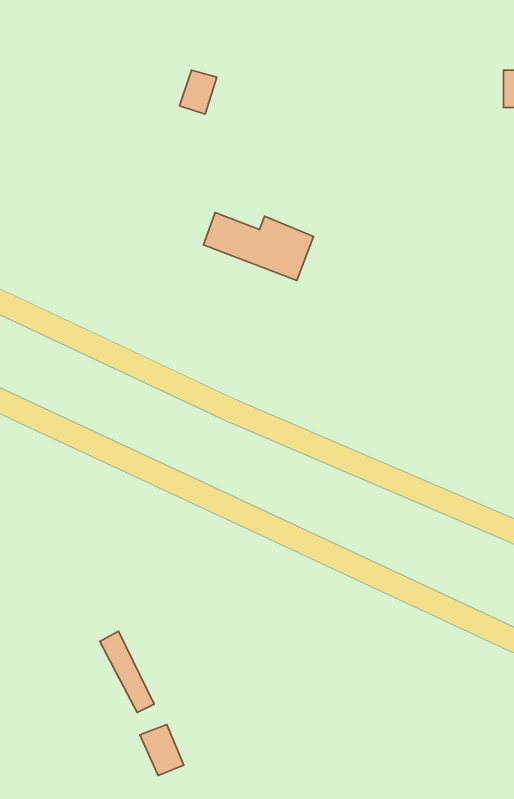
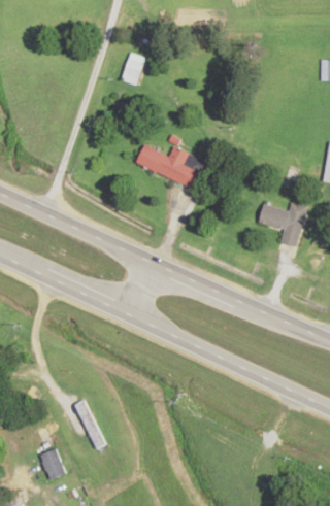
building: none -> [259,203,306,245]
building: [140,725,184,775] -> [41,449,68,480]

